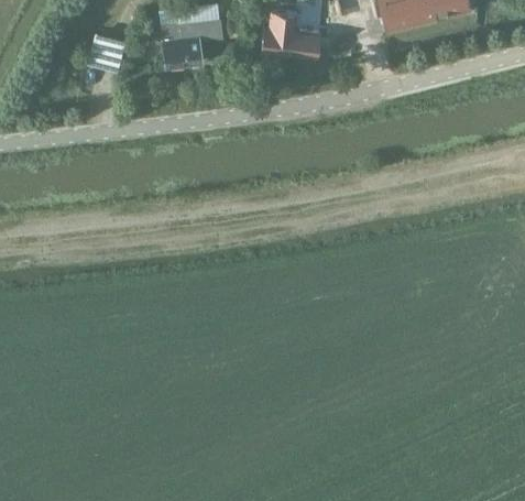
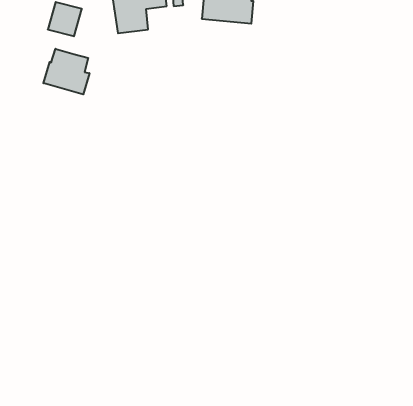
building: none -> [43,49,89,94]

